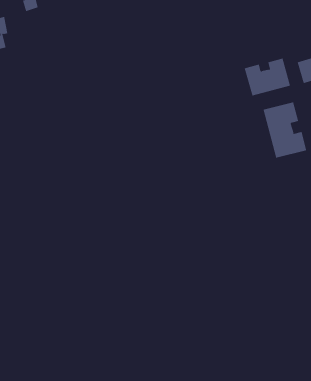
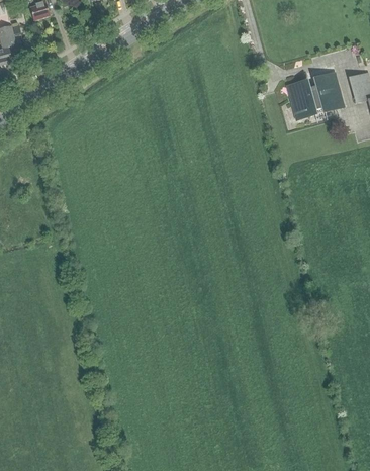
building: [263,102,307,159] -> none

